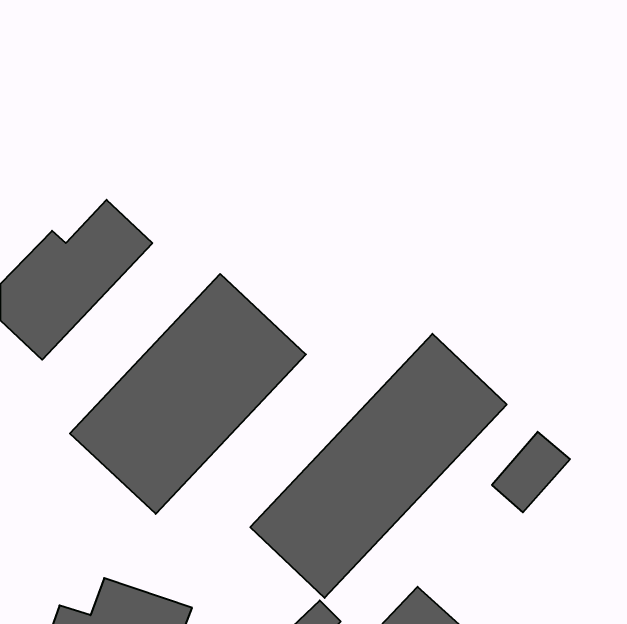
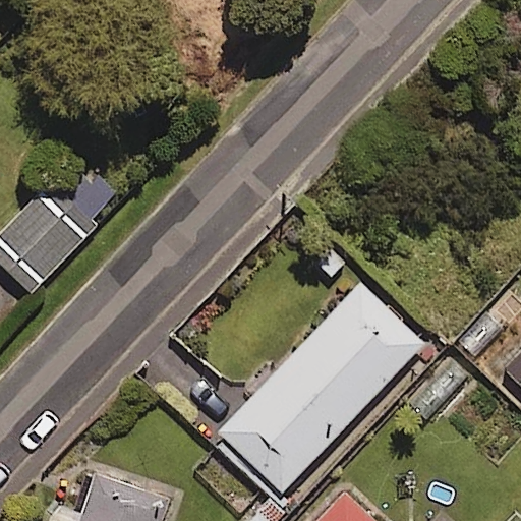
building: [70,274,306,514] -> none

